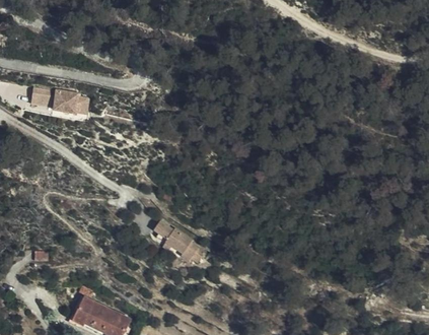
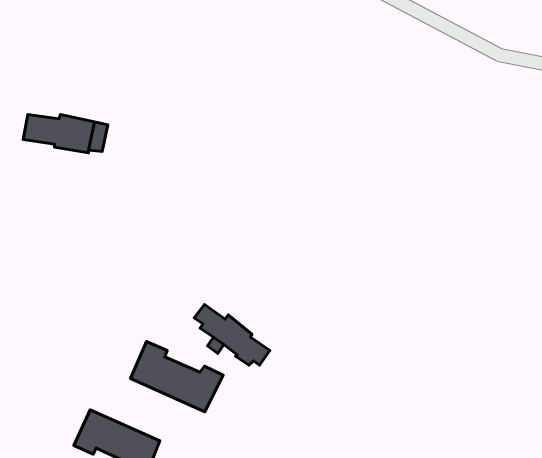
building: none -> [130,342,223,412]

